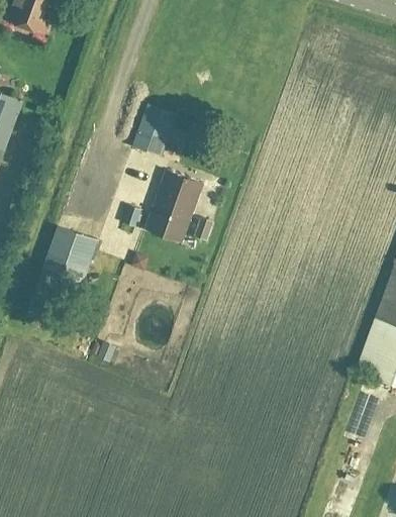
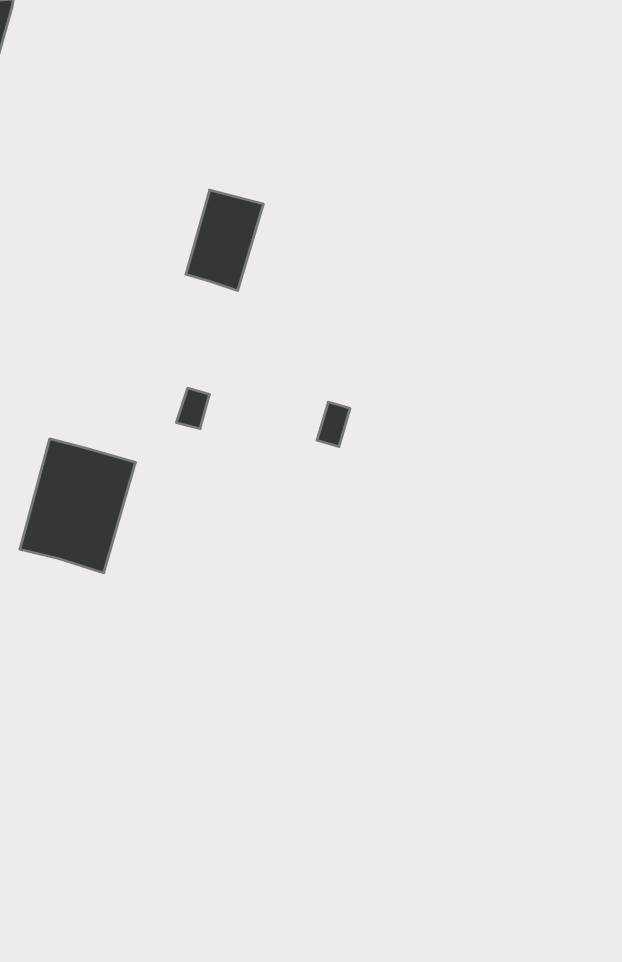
building: [143,171,202,242] -> none

